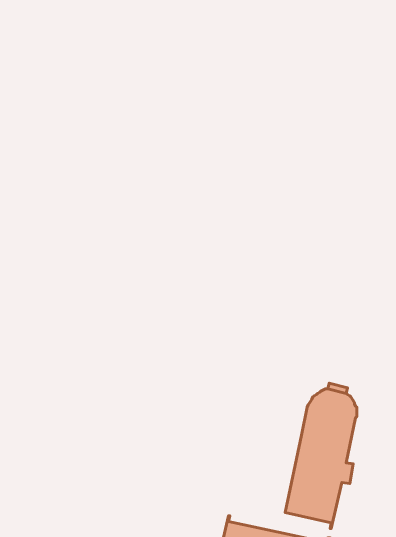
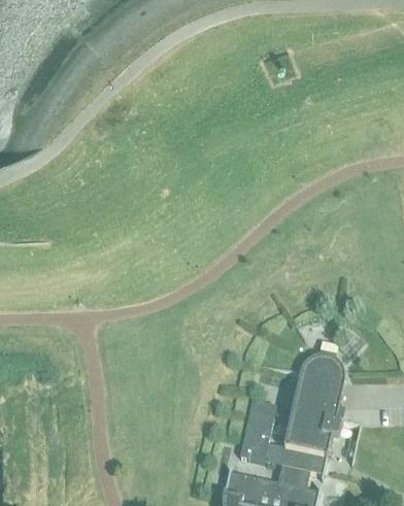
building: none -> [238,405,275,467]

